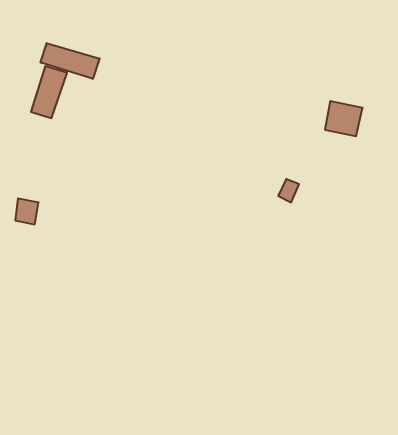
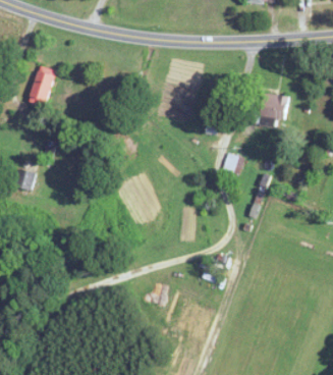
building: [41,43,100,79] -> none

